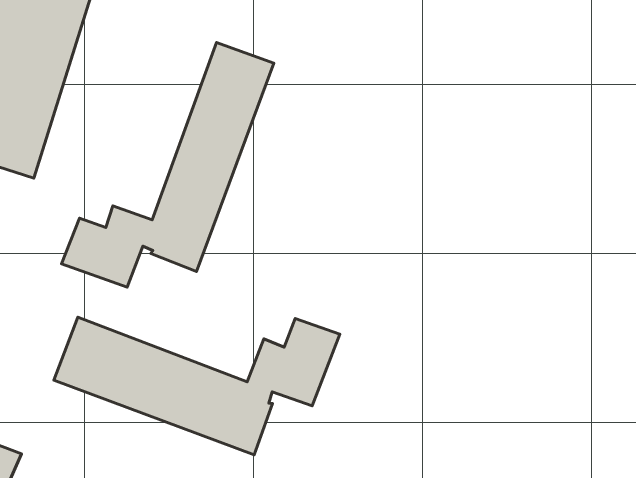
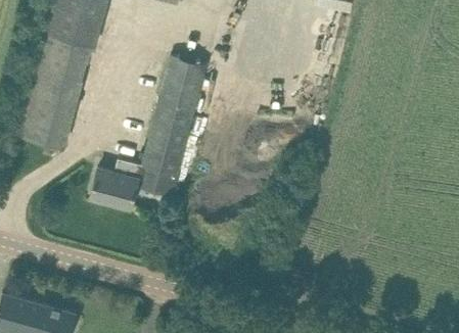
building: [54,317,340,455] -> none

